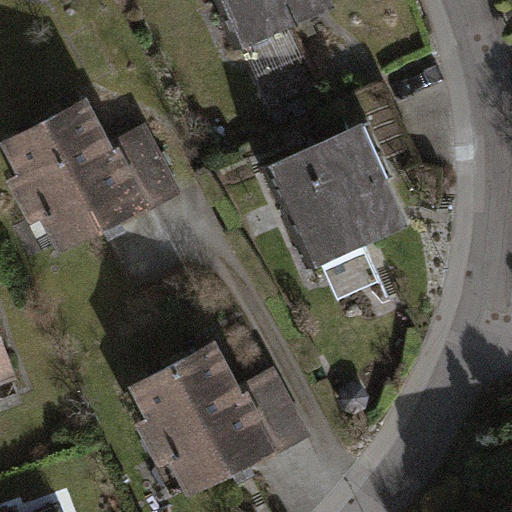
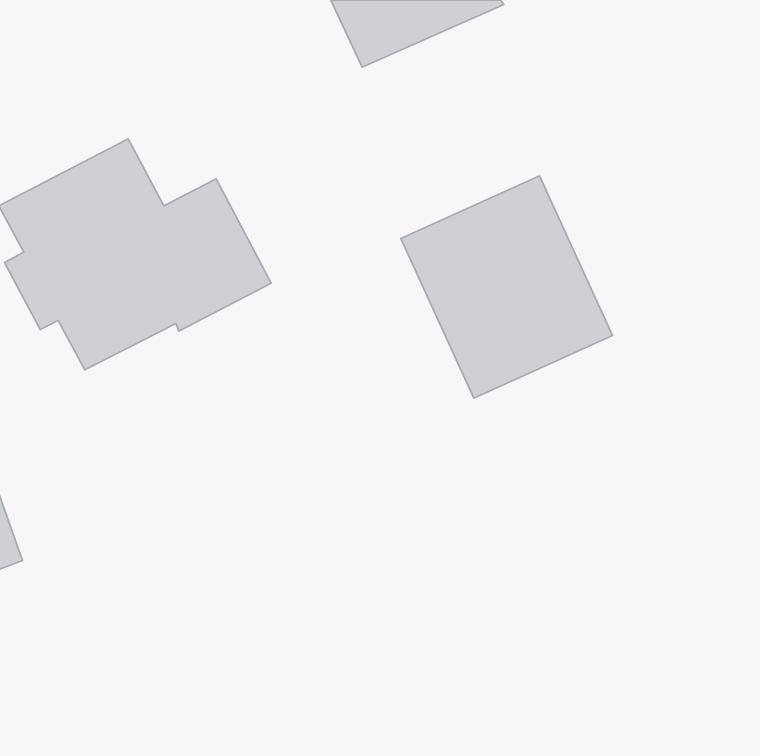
building: [128,341,310,497] -> none

